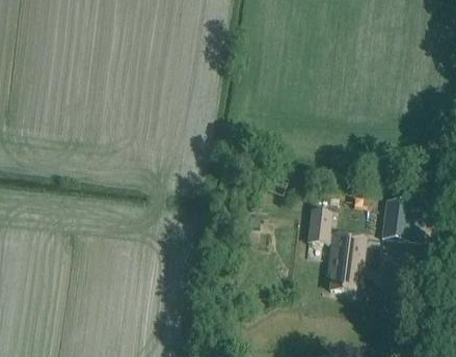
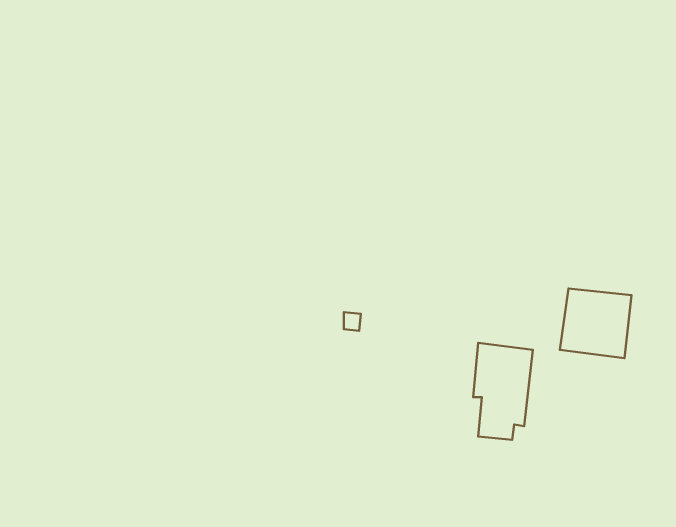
building: [305,208,331,243] -> none

